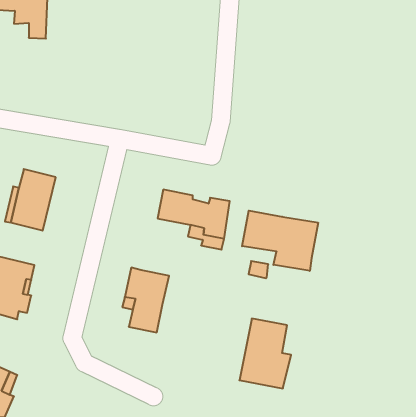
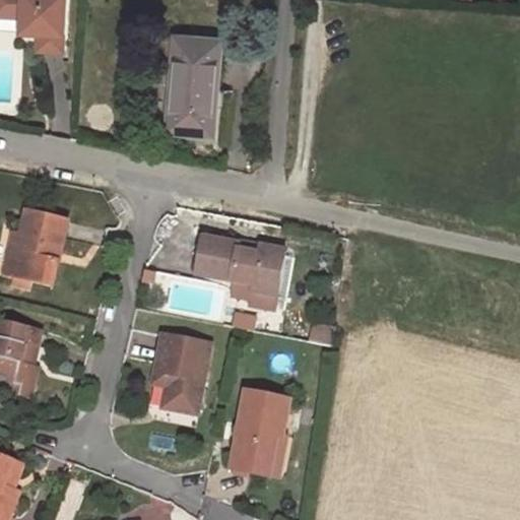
building: none -> [162,32,215,132]
building: [242,211,318,271] -> none
building: [239,319,291,388] -> [230,390,294,476]

